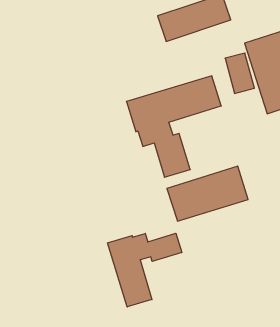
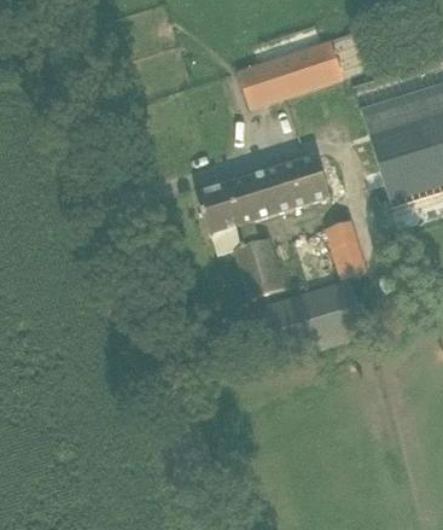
building: [225,53,254,93] -> [327,220,368,276]
building: [108,233,182,307] -> none

